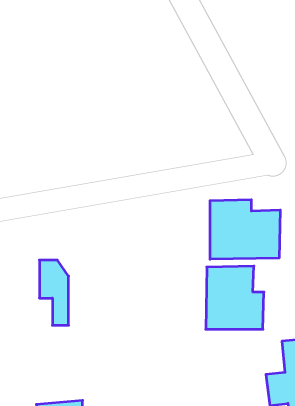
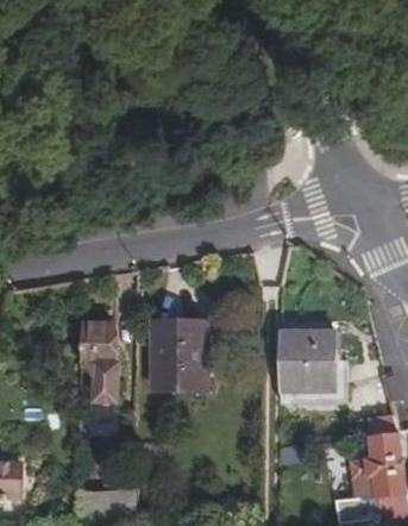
building: [210,200,280,259] -> none
building: none -> [150,321,207,393]

